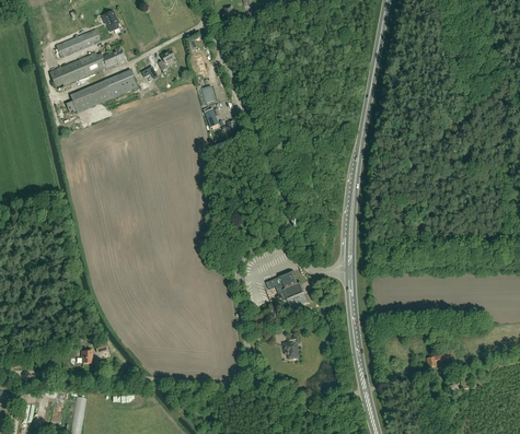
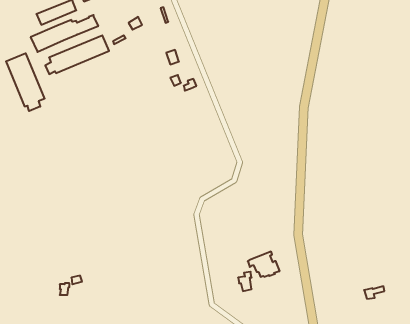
building: none -> [6,53,45,111]
building: [267,271,303,300] -> [248,252,280,277]

